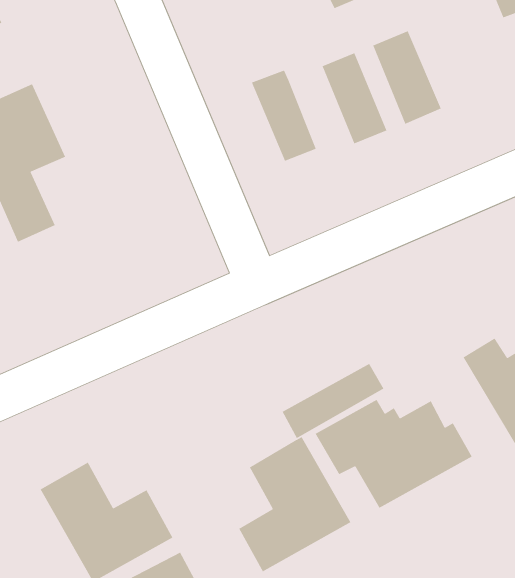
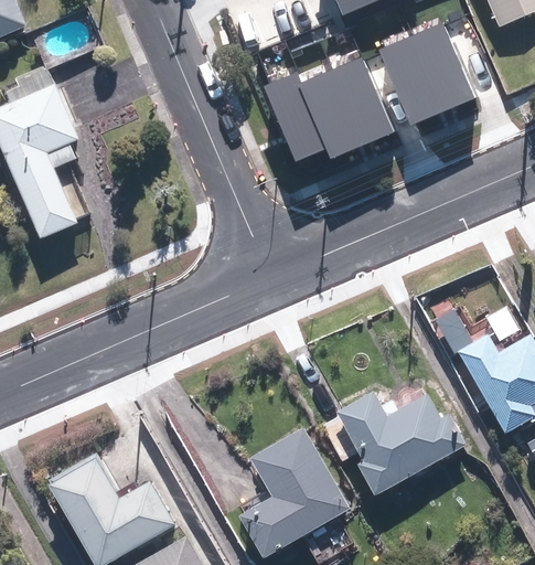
building: none -> [407,25,469,113]
building: none -> [293,72,355,160]
building: [282,363,384,439] -> none

